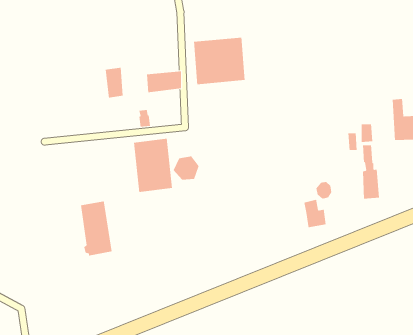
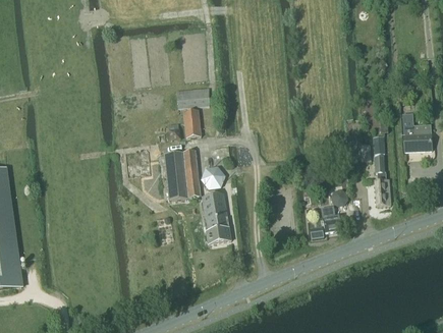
building: [193,37,245,85] -> none
building: [105,67,124,98] -> [183,108,201,136]
building: [80,201,112,256] -> [202,191,231,242]

